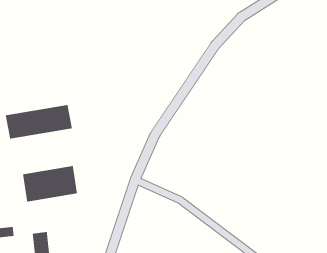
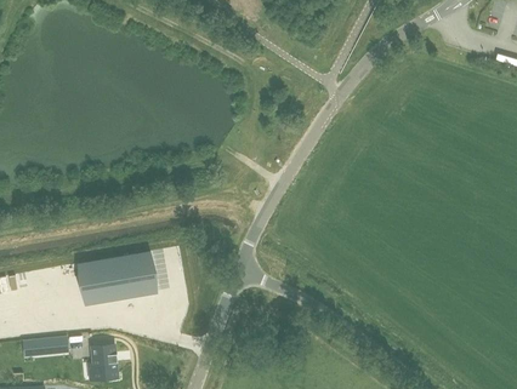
building: [5,104,73,140] -> none

